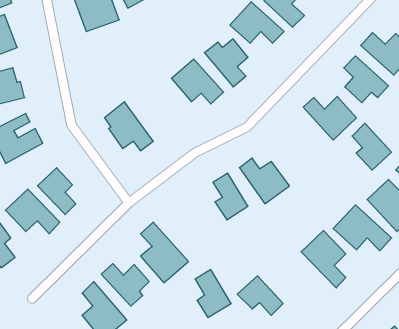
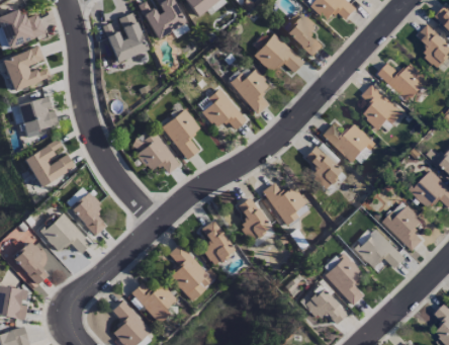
building: none -> [161,108,200,160]
building: [352,123,391,170] -> [304,145,342,189]
building: [195,270,231,317] -> [200,220,235,265]
building: [237,276,283,315] -> [303,288,347,326]

